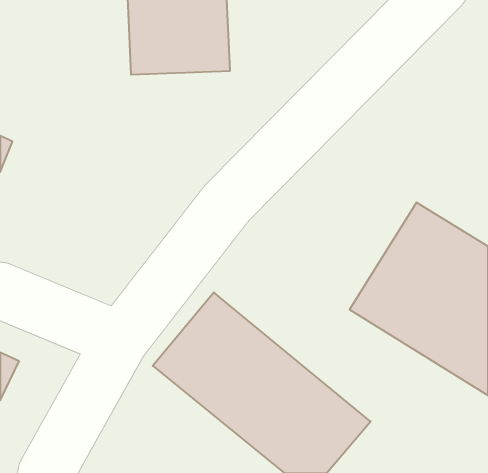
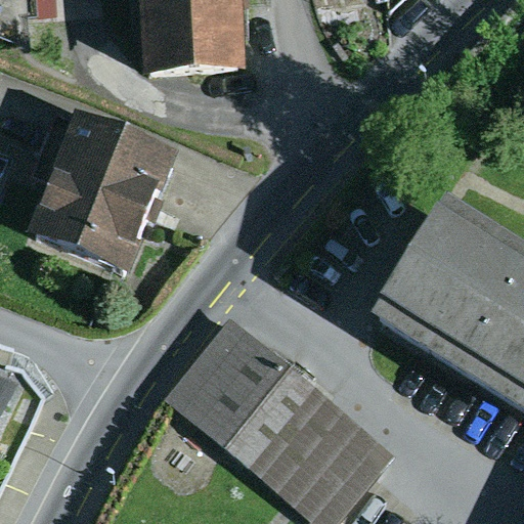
building: none -> [28,119,178,281]

